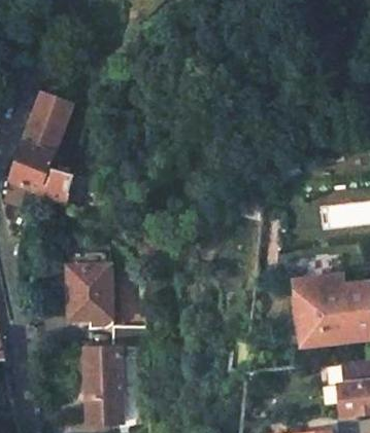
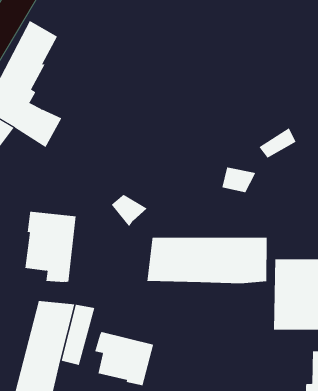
building: none -> [147,237,267,284]
building: none -> [94,331,154,386]

